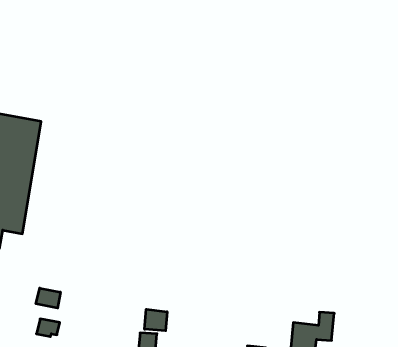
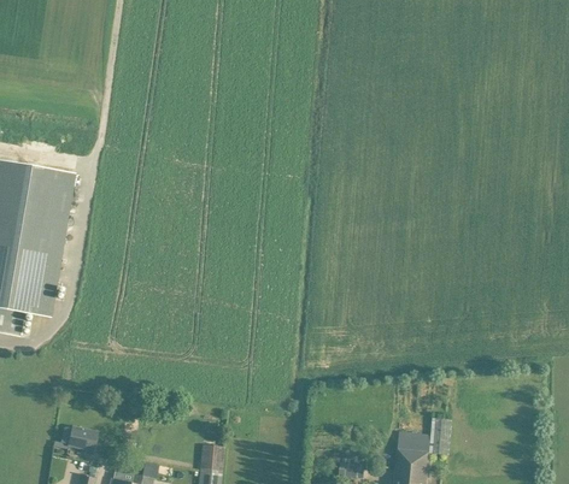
building: [36,288,60,308] -> none
building: [145,309,167,331] -> none

